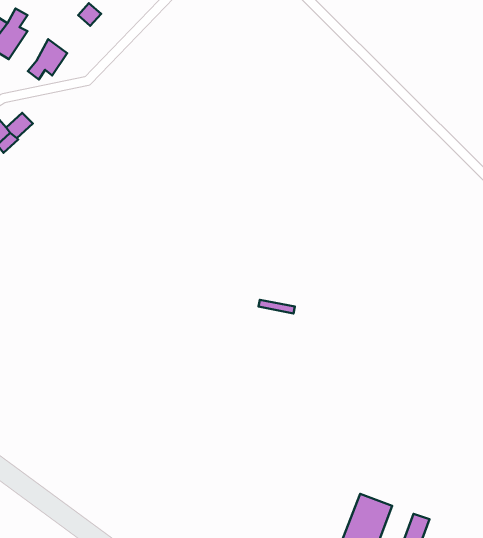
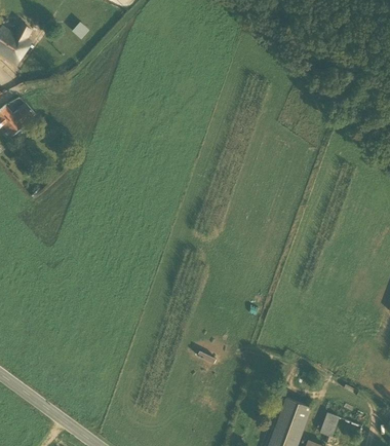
building: [28,39,67,80] -> none

